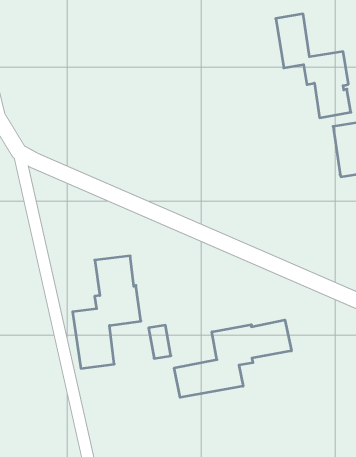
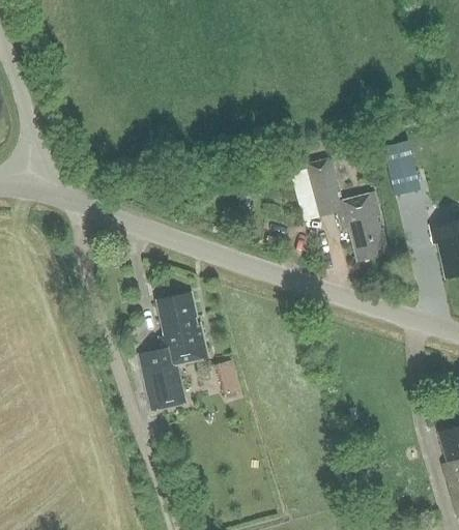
building: [276,14,351,118] -> [304,157,388,260]
building: [174,320,291,397] -> none

